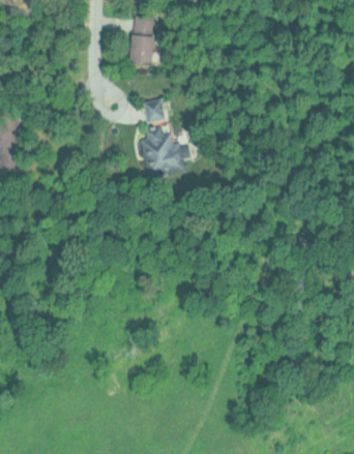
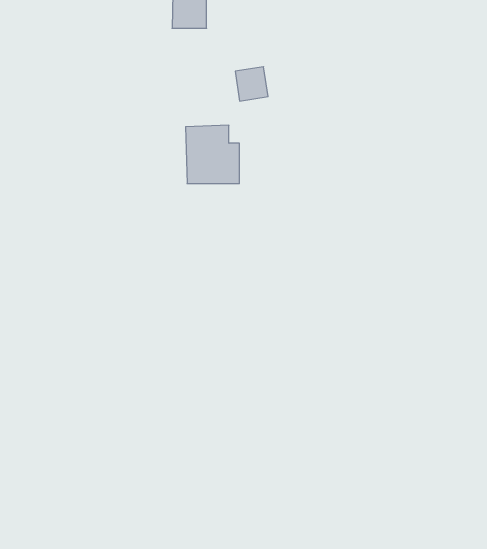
building: [143,99,166,123] -> [235,67,268,101]

